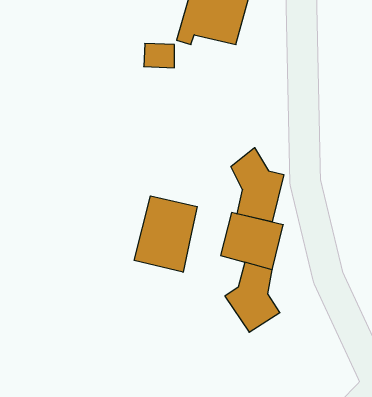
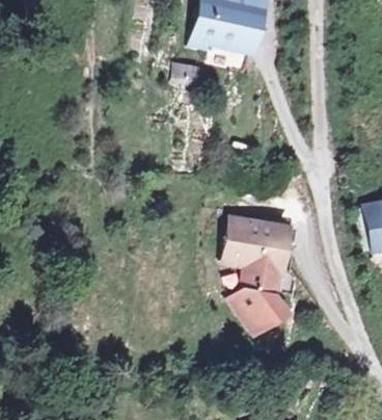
building: [231,148,284,222] -> none
building: [134,196,197,272] -> none

